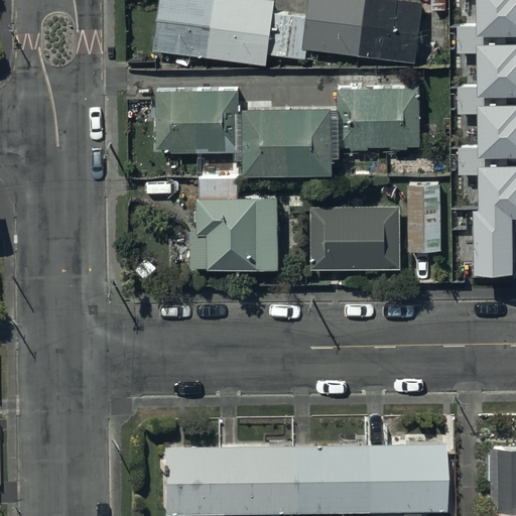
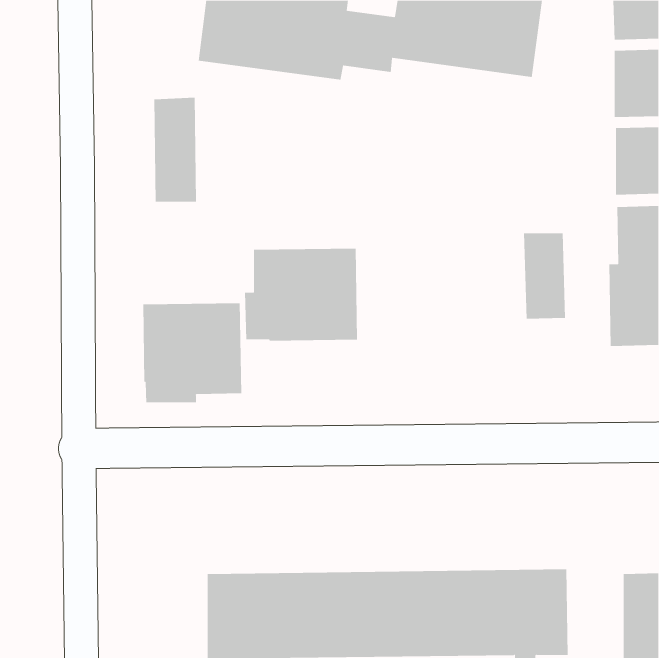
building: none -> [154,97,196,202]
building: [155,87,421,173] -> none
building: [311,207,401,269] -> none
building: none -> [143,302,242,403]

